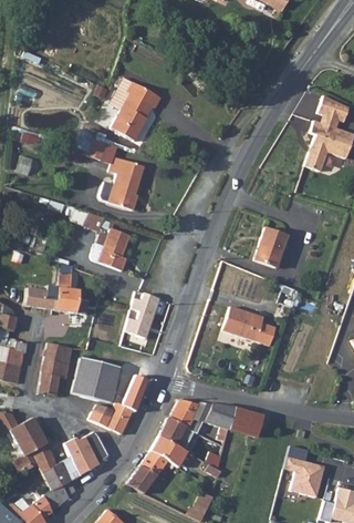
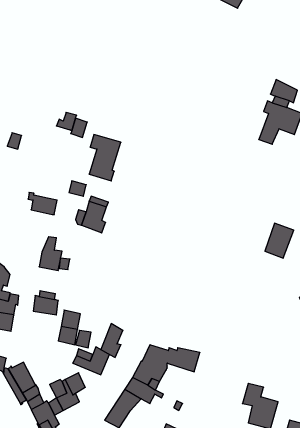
building: [110,80,159,143] -> none
building: [254,227,288,267] -> [265,223,294,258]
building: [22,284,55,309] -> [28,192,57,215]
building: [124,294,160,338] -> none
building: [226,307,266,341] -> none
building: [40,360,72,394] -> none
building: [96,363,125,387] -> none
building: [230,408,264,439] -> none

